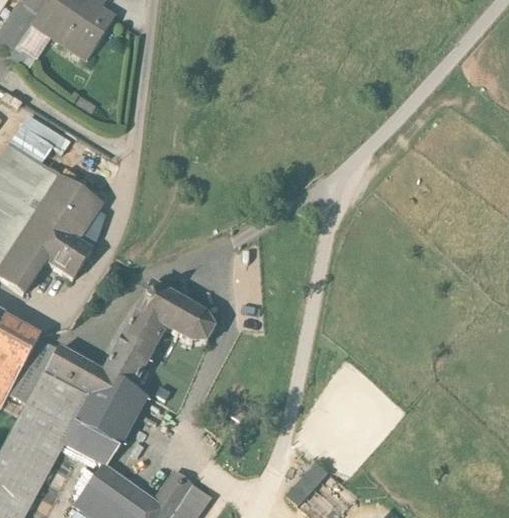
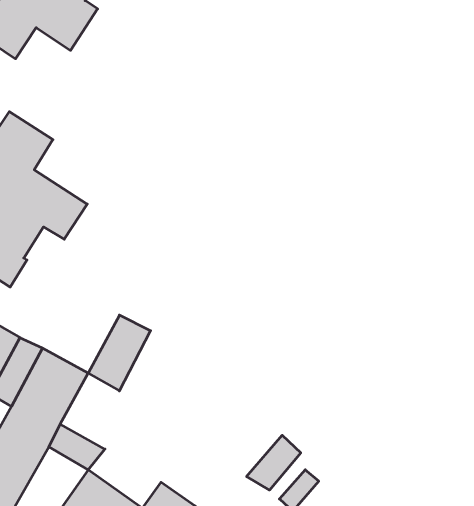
building: [40,228,91,277] -> none
building: [134,282,214,343] -> none
building: [76,370,148,444] -> none
building: none -> [247,435,301,490]

